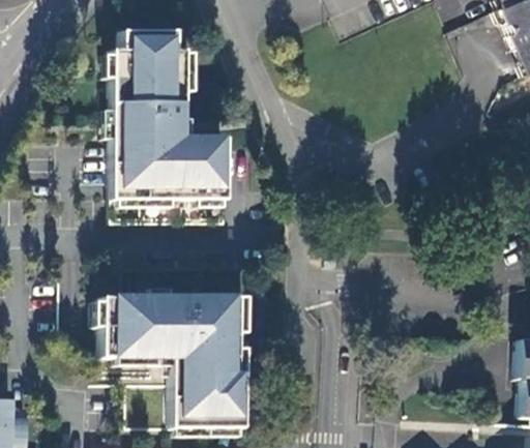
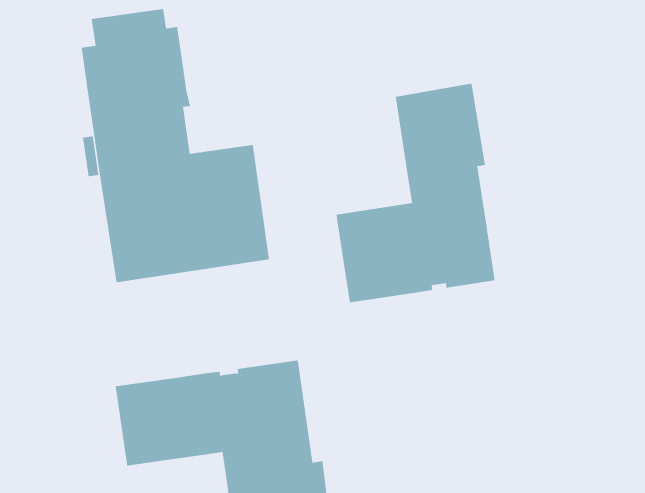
building: none -> [336,83,495,303]

